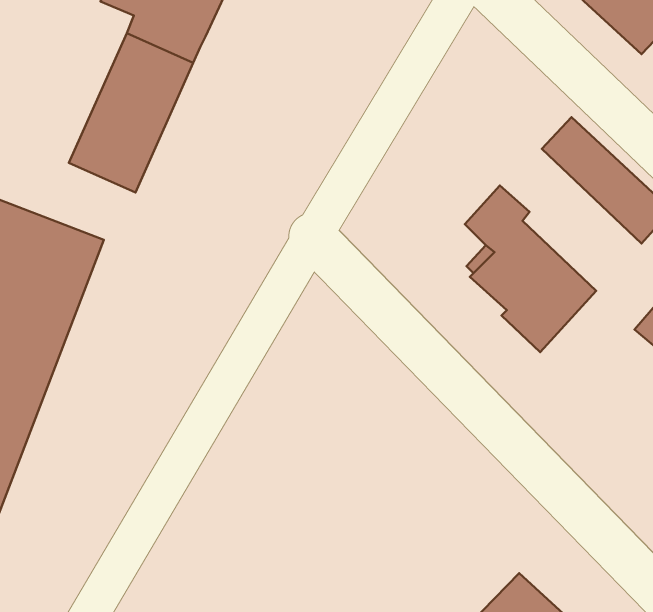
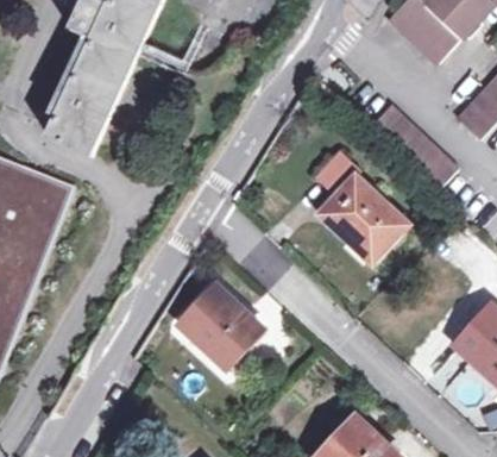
building: none -> [177,283,258,364]

